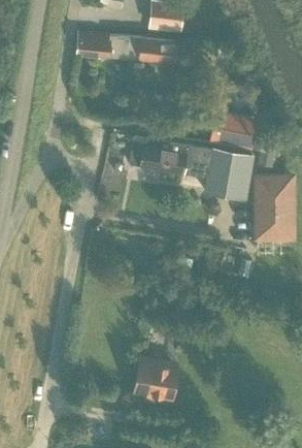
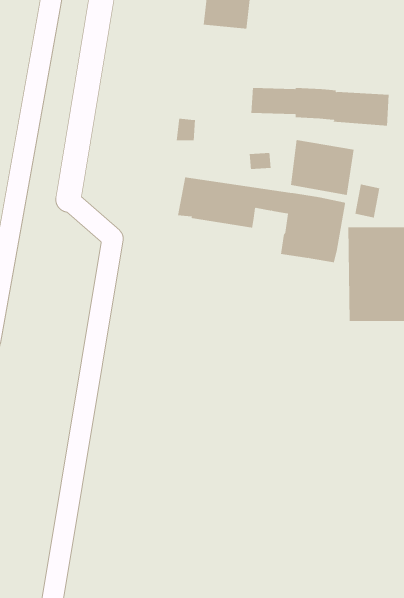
building: [78,37,178,65] -> [251,87,389,126]
building: [135,359,175,397] -> none

